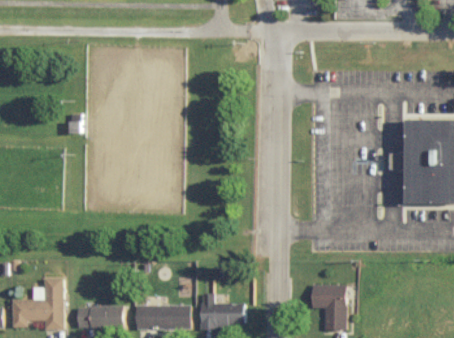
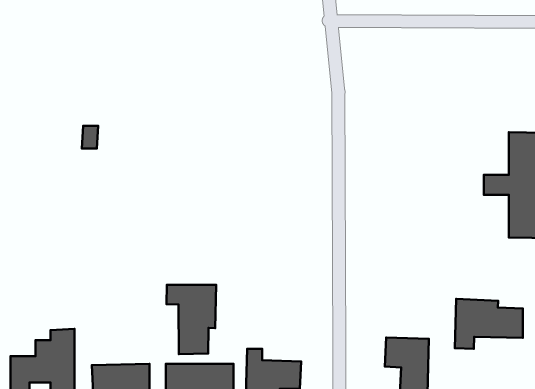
building: none -> [167,285,216,354]
building: none -> [455,299,523,349]

